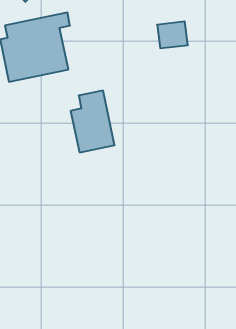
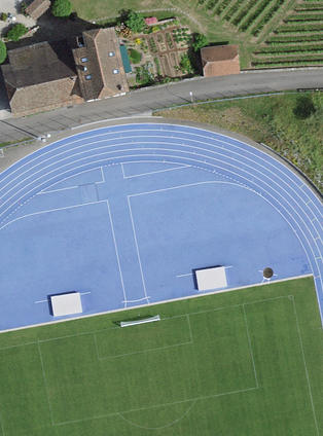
building: [71,91,115,152] -> [77,25,133,103]

